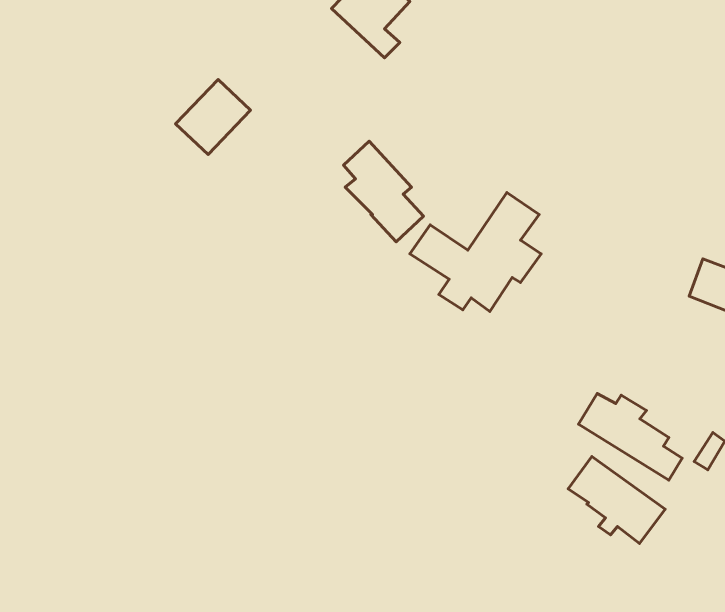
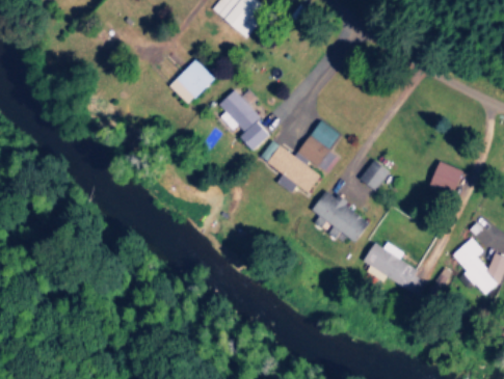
building: [176,79,251,154] -> [169,59,215,105]
building: none -> [361,160,389,191]
building: [568,457,665,543] -> [311,190,370,243]

